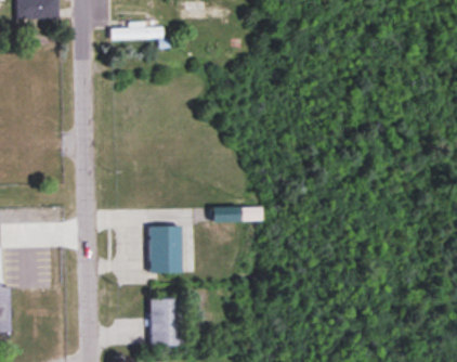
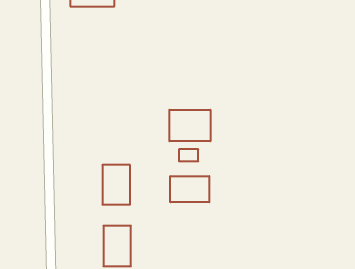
building: none -> [169,110,210,141]
building: none -> [170,176,209,202]

